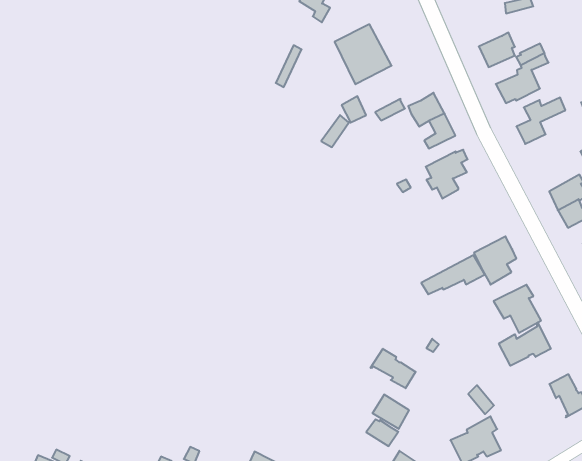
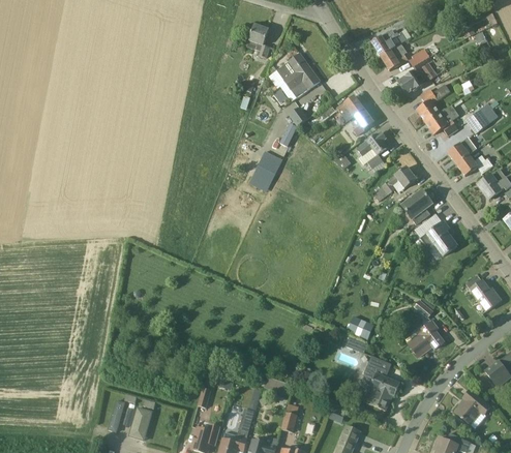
building: none -> [371,29,407,57]
building: none -> [425,105,458,135]
building: none -> [249,150,282,190]
building: [421,255,485,294] -> [372,167,417,200]
building: [499,322,551,366] -> none
building: [371,349,416,388] -> none

